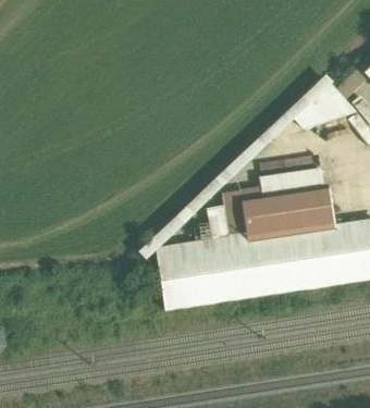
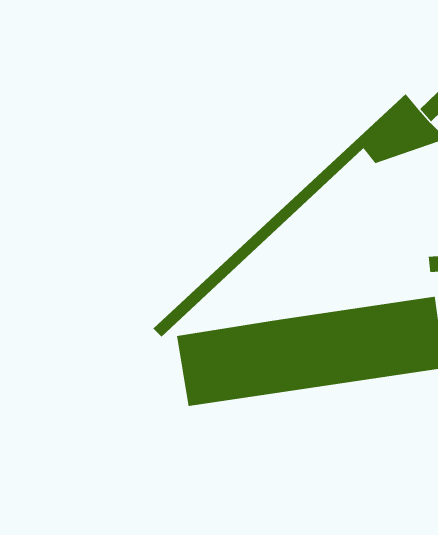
building: [222,168,335,245] -> none

